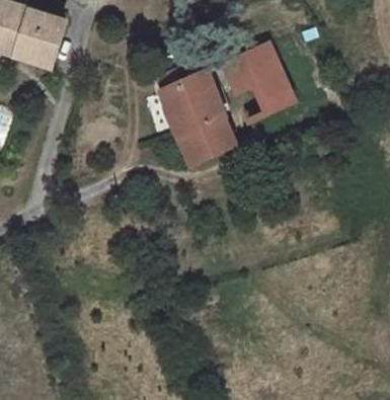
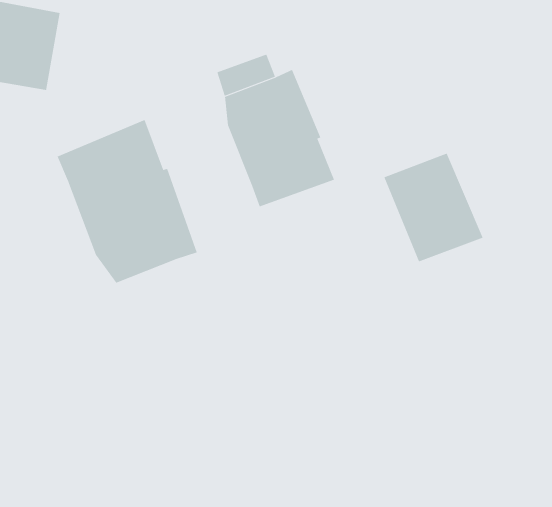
building: [228,47,295,119] -> [384,153,484,262]
building: none -> [57,119,198,284]

